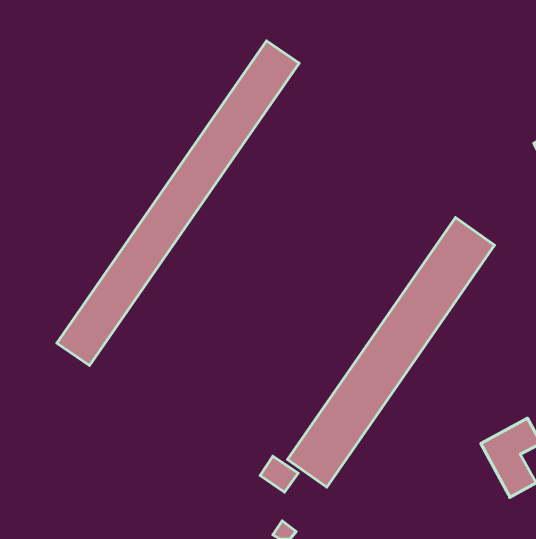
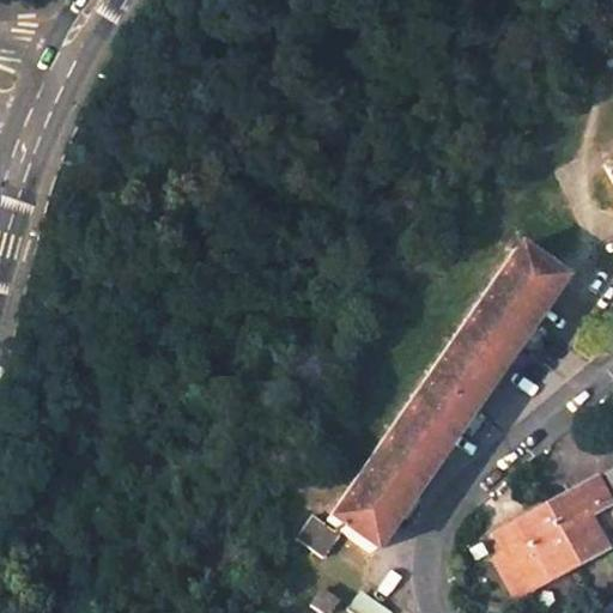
building: [57,41,299,365] -> none
building: none -> [497,500,582,600]

